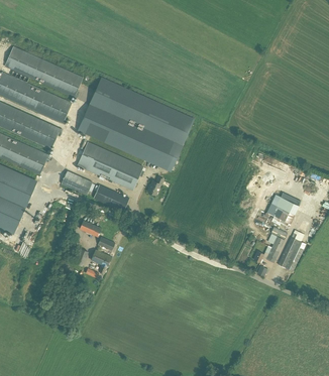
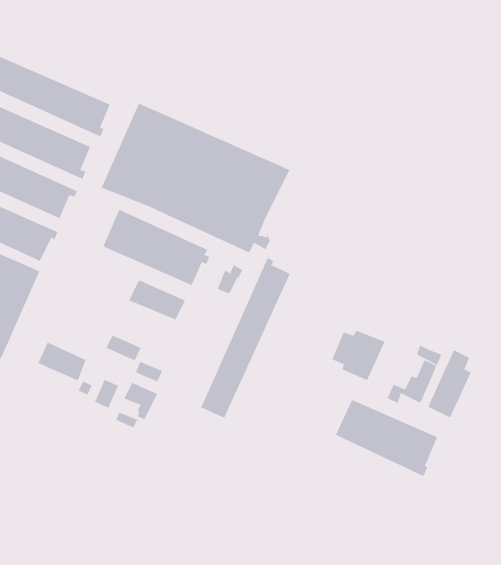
building: [61,171,91,196] -> [37,342,86,381]
building: none -> [201,257,290,419]
building: [264,193,298,224] -> [332,330,386,381]
building: none -> [335,399,438,477]

